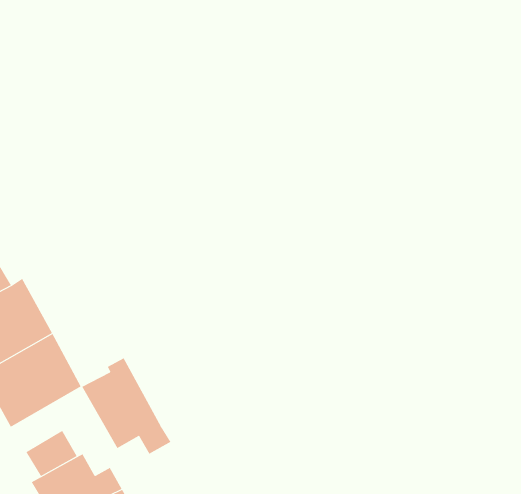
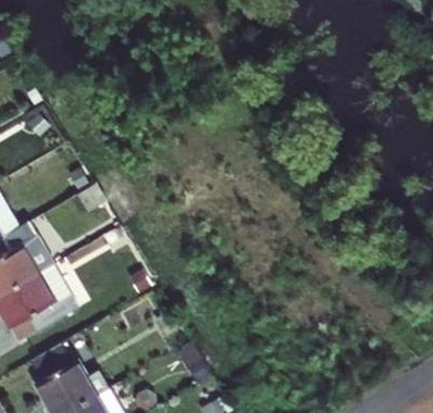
building: [82,357,171,455] -> none

